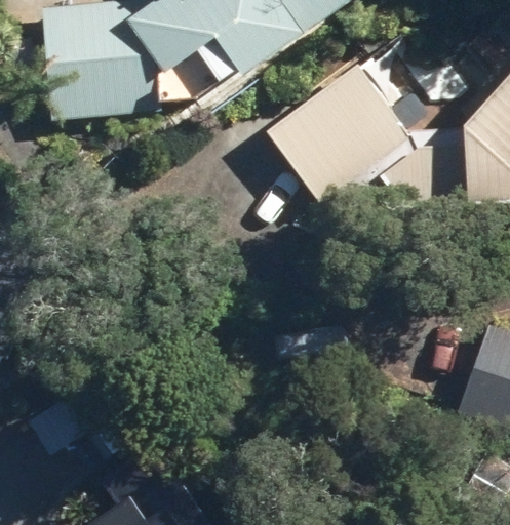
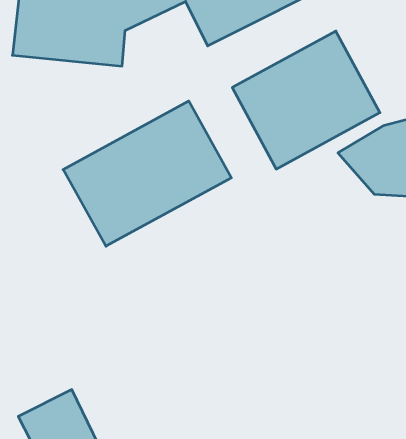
building: none -> [63,101,231,246]

